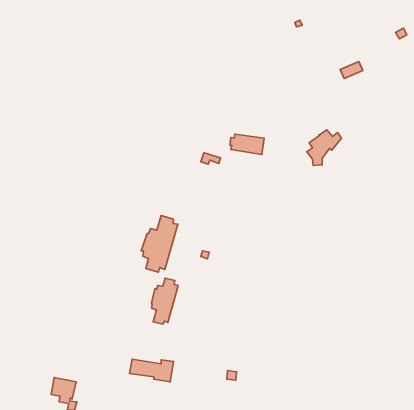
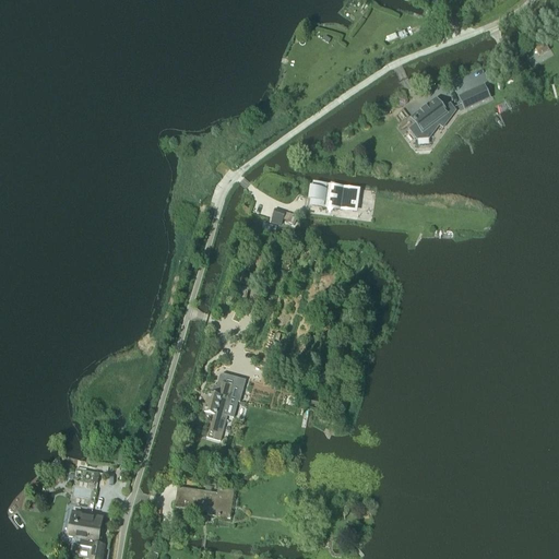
building: [307,130,342,166] -> [408,97,455,145]
building: [141,215,178,272] -> none

